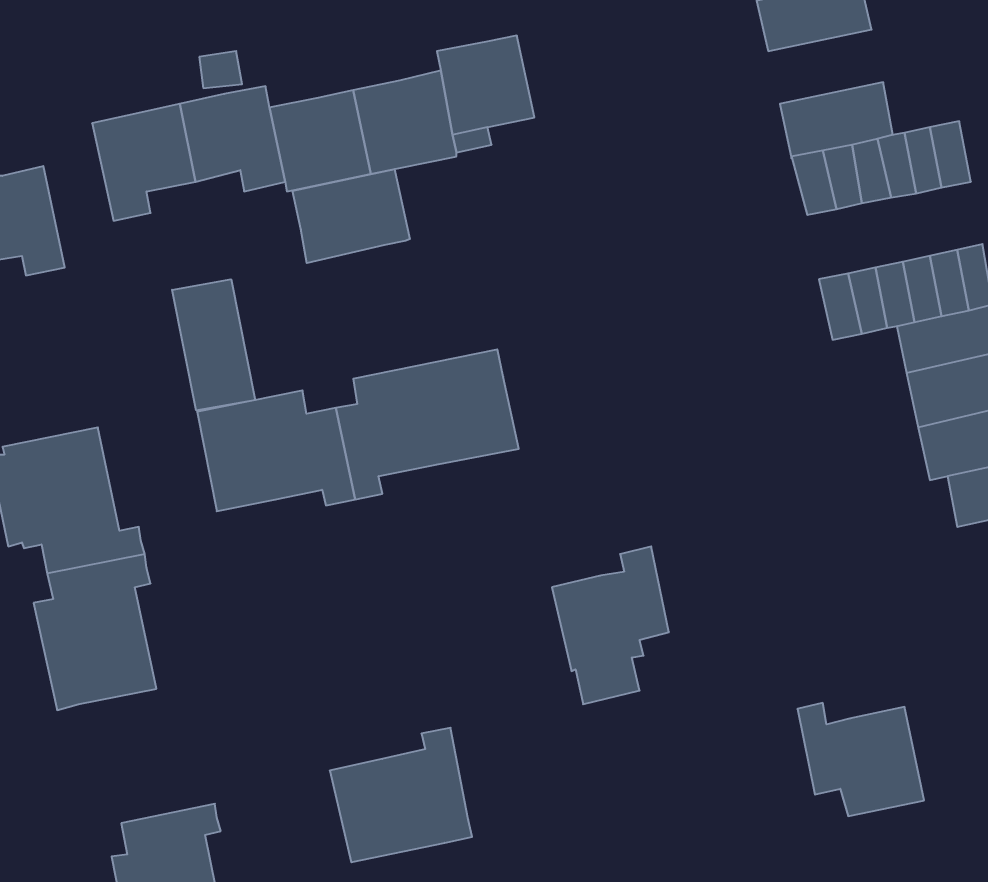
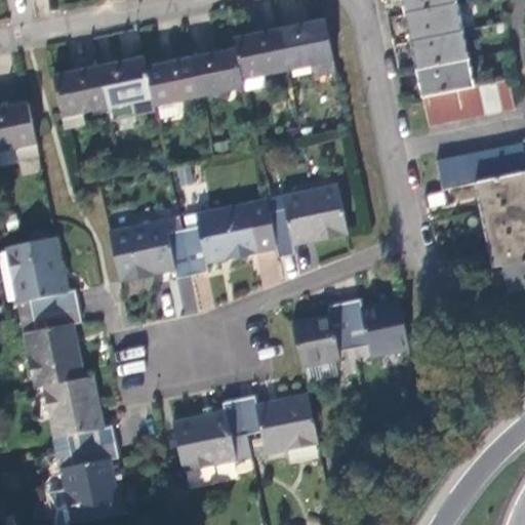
building: none -> [275,22,332,80]
building: none -> [407,29,468,68]
building: [293,169,410,263] -> none
building: [172,279,255,410] -> none
building: none -> [268,181,347,257]
building: none -> [44,373,116,446]
building: [797,703,924,816] -> [346,297,412,357]
building: none -> [240,389,319,449]

